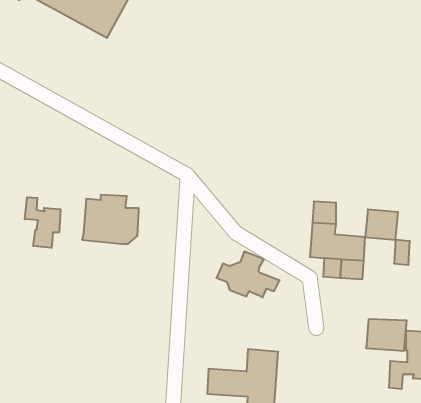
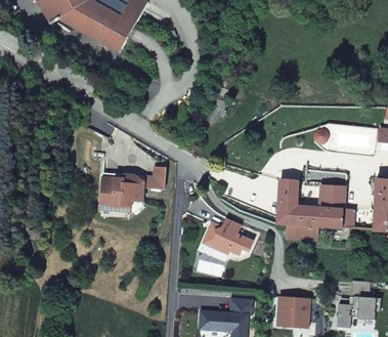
building: none -> [133,166,166,187]
building: [25,197,61,248] -> none
building: none -> [318,207,343,227]
building: [366,319,407,351] -> [277,297,309,322]

